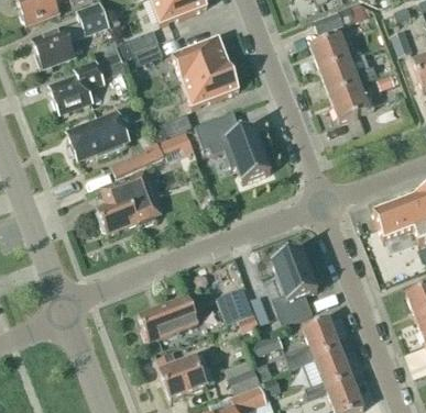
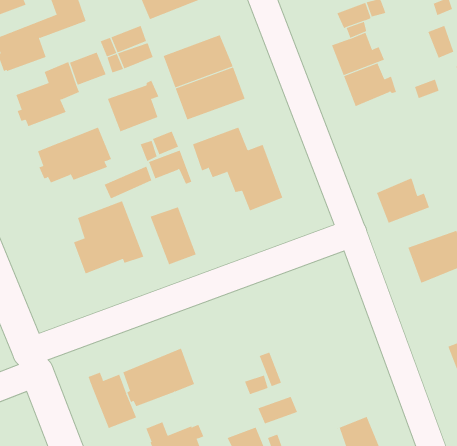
building: none -> [107,80,159,132]
building: [330,83,374,121] -> [376,178,430,223]
building: none -> [150,206,196,265]
building: [271,249,317,325] -> none
building: [217,287,254,323] -> none
building: none -> [88,372,137,429]
building: [284,319,340,369] -> none

